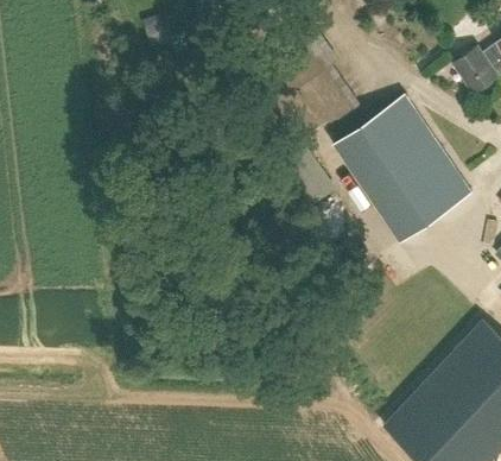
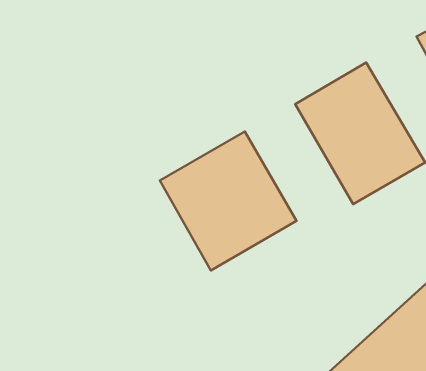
building: none -> [160,131,296,271]

